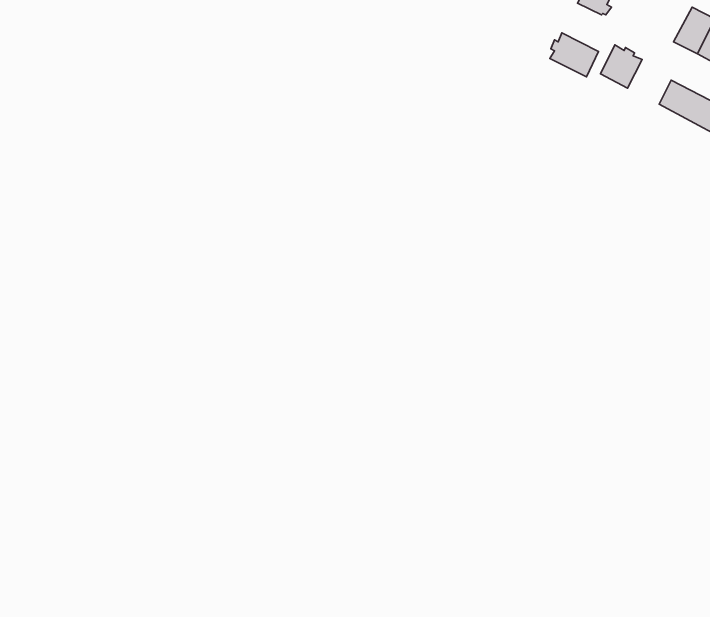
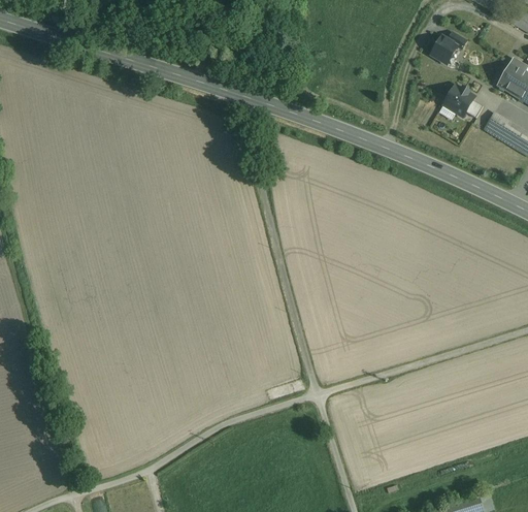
building: [550,33,598,77] -> none

